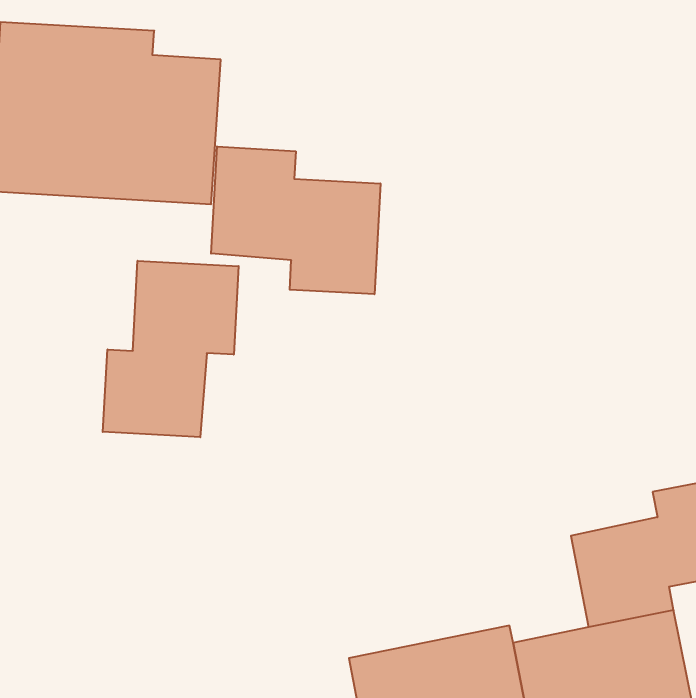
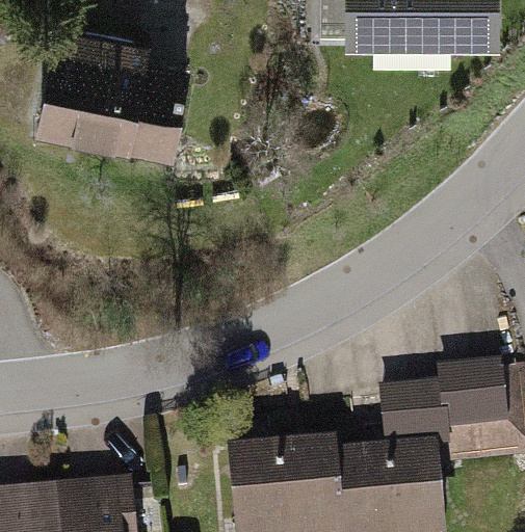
building: [211,146,380,294] -> none
building: [103,261,239,437] -> none

